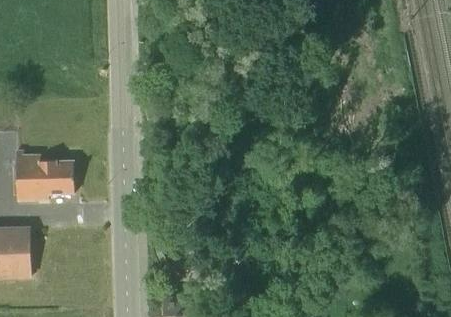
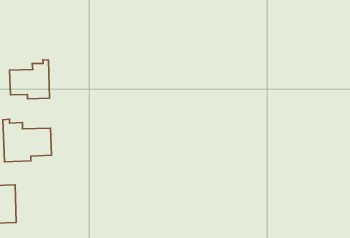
building: none -> [10,60,49,99]

